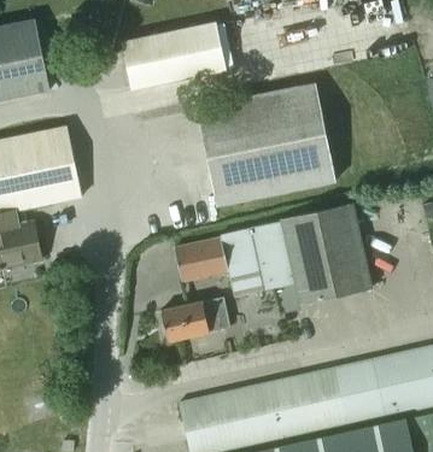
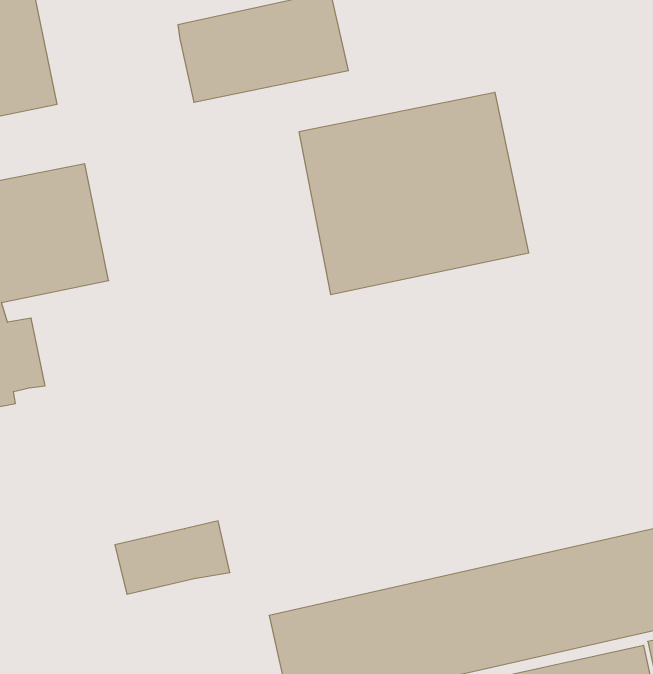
building: [175,202,371,309] -> none
building: [160,297,230,341] -> [115,521,230,594]

